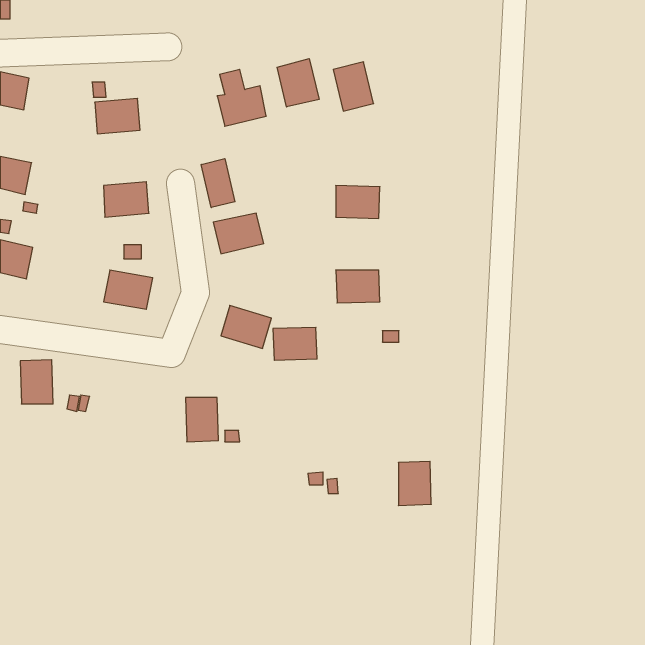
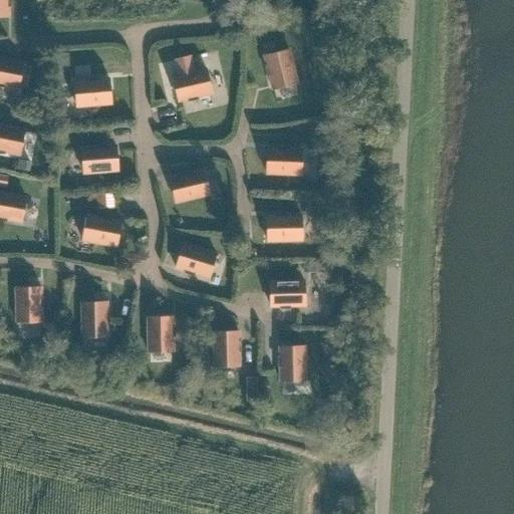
building: [277,59,319,107] -> none
building: [201,159,235,208] -> none
building: [273,327,317,360] -> [270,280,305,306]
building: none -> [82,301,107,336]
building: none -> [214,330,240,365]
building: [398,461,431,506] -> [280,345,306,380]

